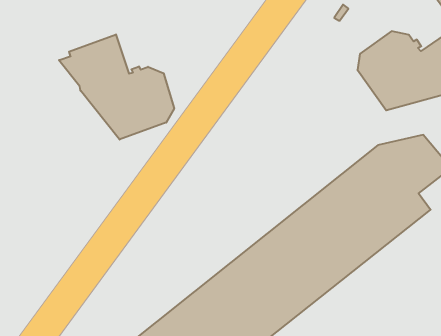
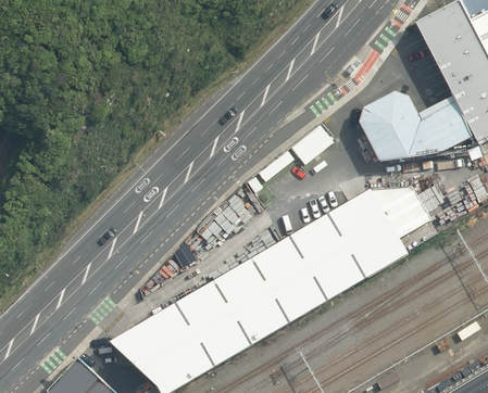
building: [59,34,174,140] -> none

